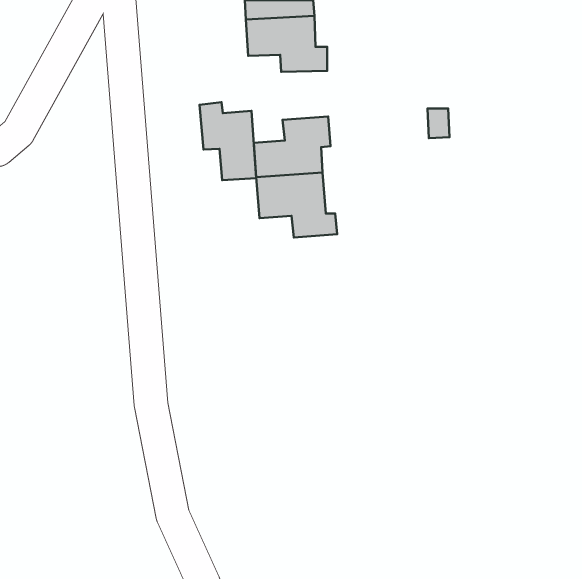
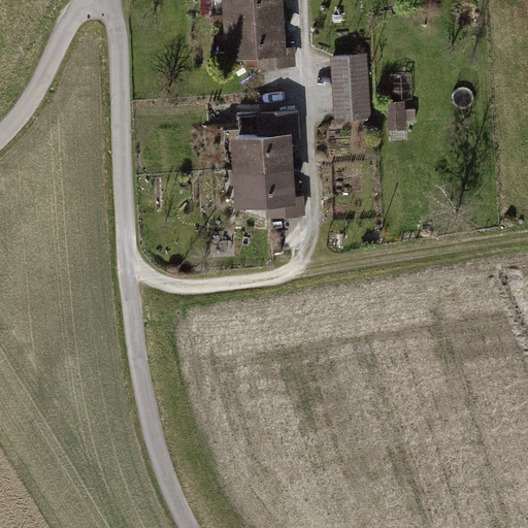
building: none -> [331,53,370,122]
building: [199,102,256,180] -> none

